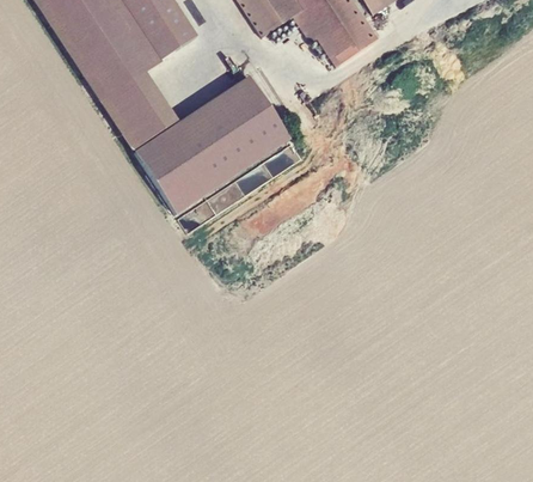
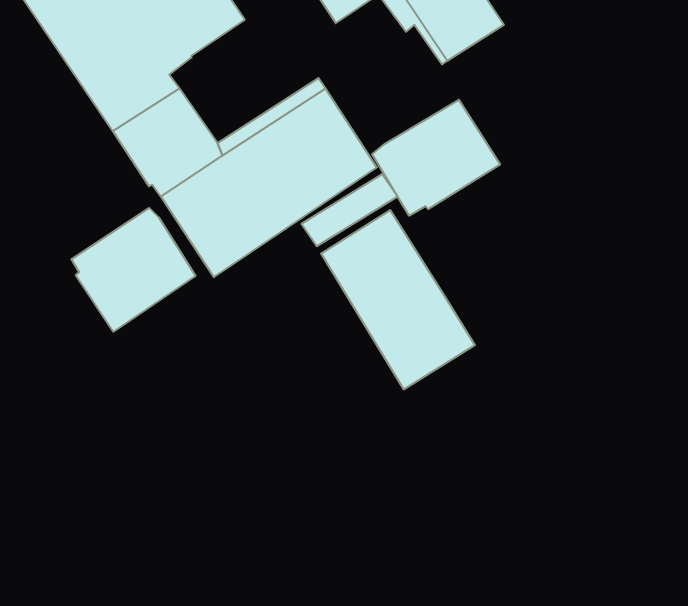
building: none -> [372,100,500,216]
building: none -> [71,208,196,332]
building: none -> [321,210,475,389]

